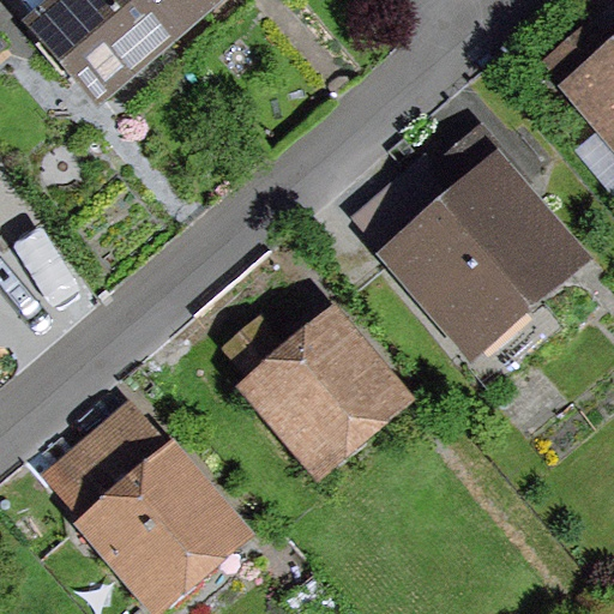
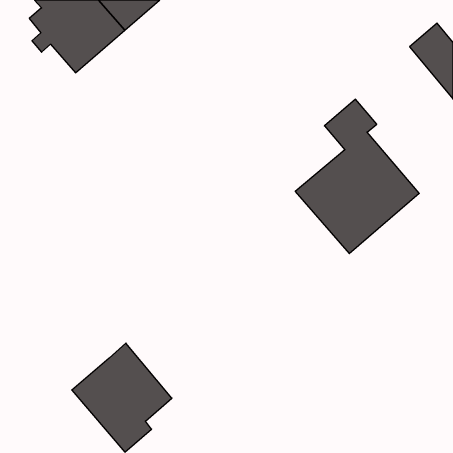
building: [233,327,395,475] -> none
building: [54,435,148,528] -> none

